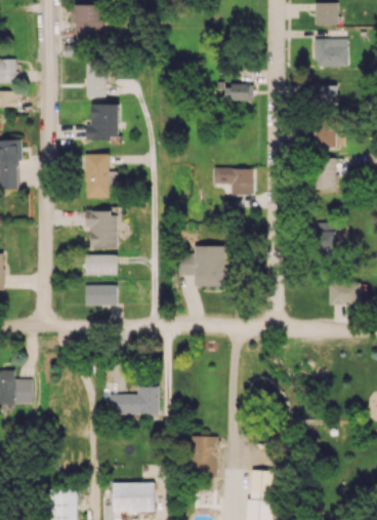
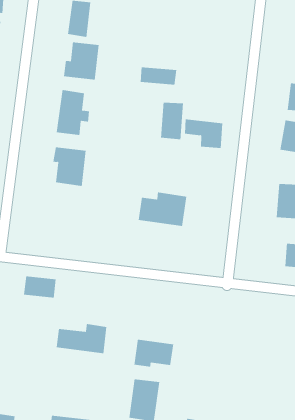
building: [216,85,253,102] -> [140,67,177,85]
building: none -> [161,102,184,140]
building: [85,255,118,276] -> none
building: [85,286,117,306] -> [23,276,57,298]
building: none -> [134,339,174,367]

